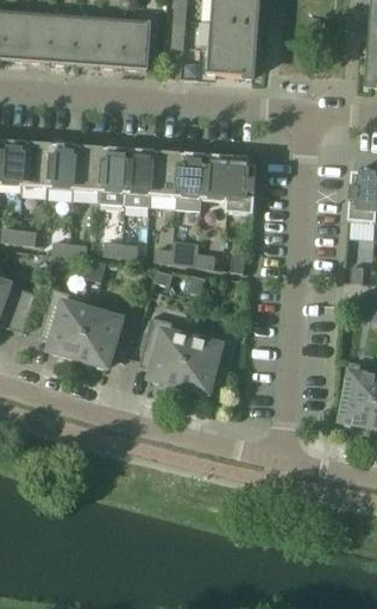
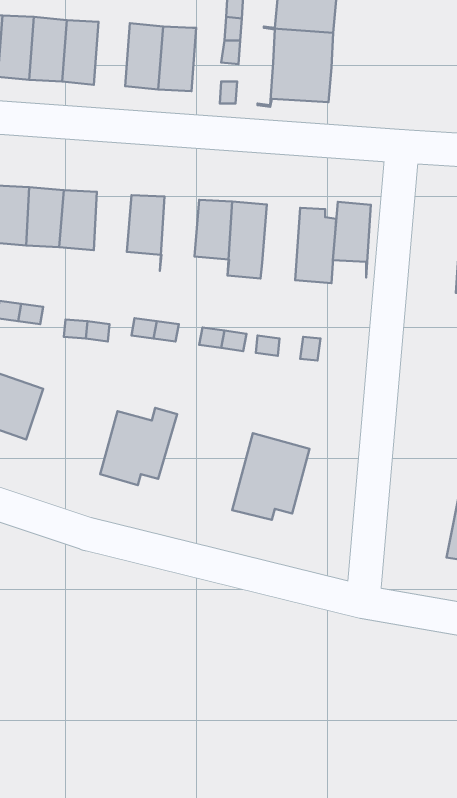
building: [74,17,101,65] -> none
building: [74,145,102,190] -> none
building: [124,149,153,206] -> none
building: [201,155,230,212] -> [333,202,371,278]
building: [38,288,92,358] -> none
building: [138,316,194,385] -> none

